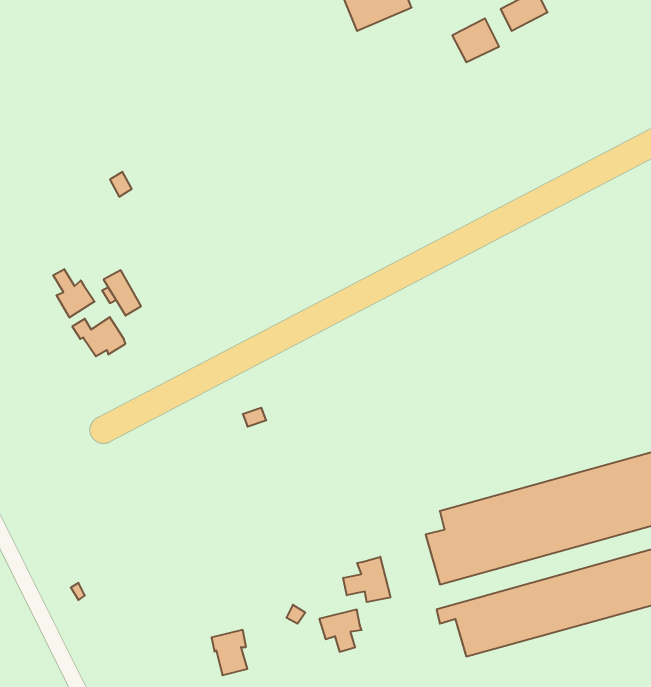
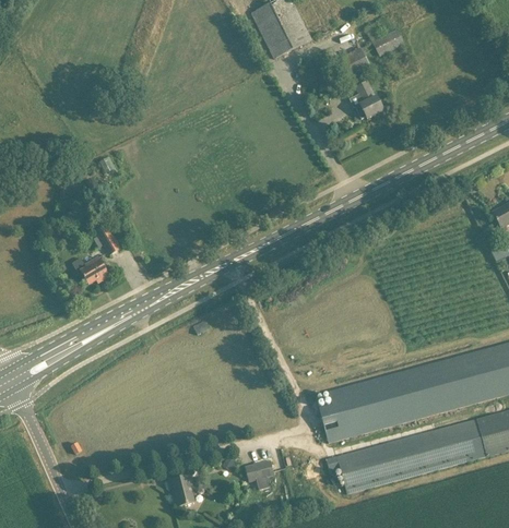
building: none -> [355,80,383,118]
building: [53,269,95,318] -> none
building: [343,557,390,602] -> none

